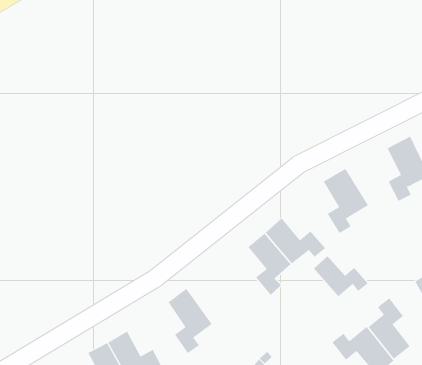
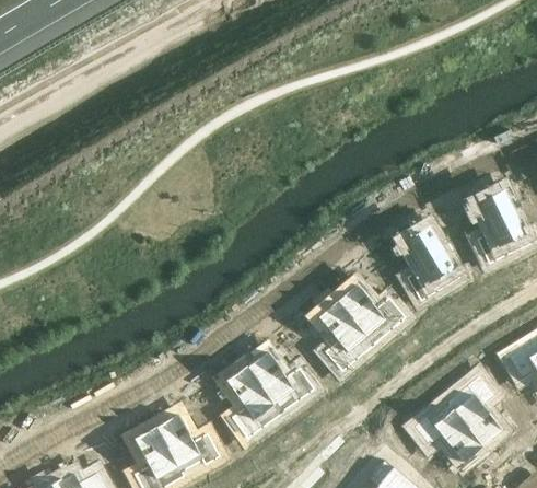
building: [313,256,369,297] -> none
building: none -> [245,350,312,404]

